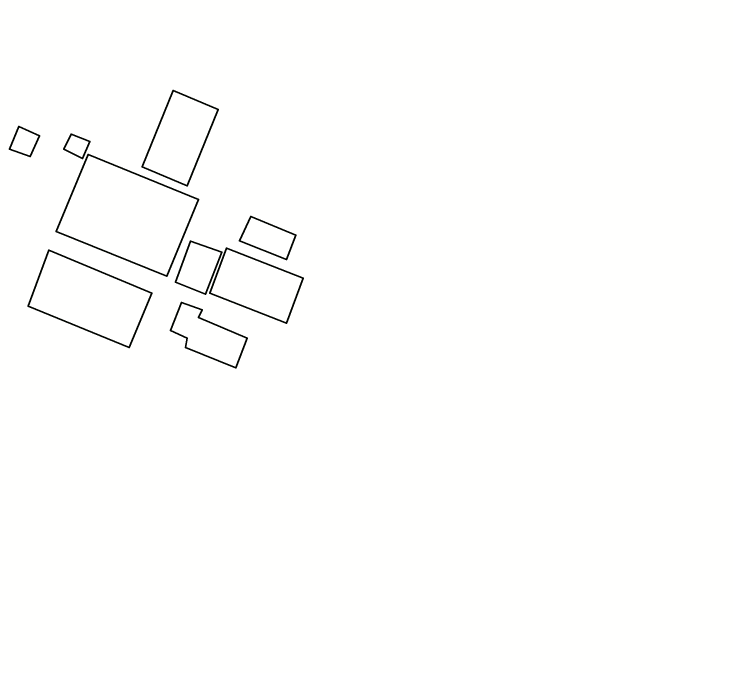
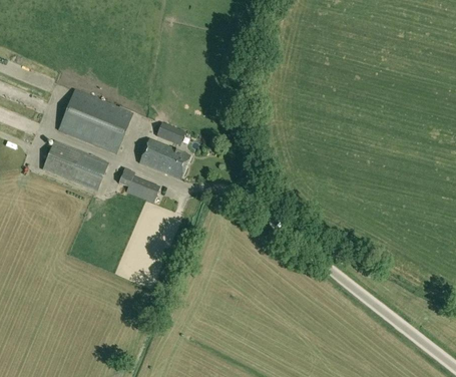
building: [142,91,218,186] -> none
building: [176,241,222,294] -> none

